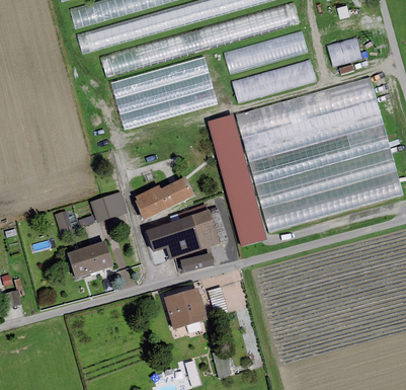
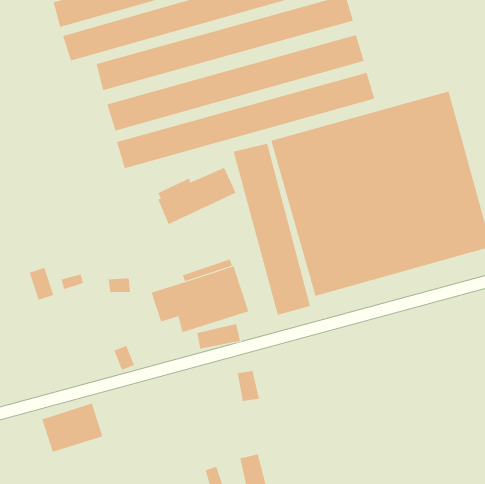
building: [329,37,363,65] -> none
building: [135,175,194,219] -> [157,167,237,225]
building: [90,190,128,221] -> none
building: [67,239,113,277] -> [41,403,103,453]
building: [164,287,207,327] -> none

